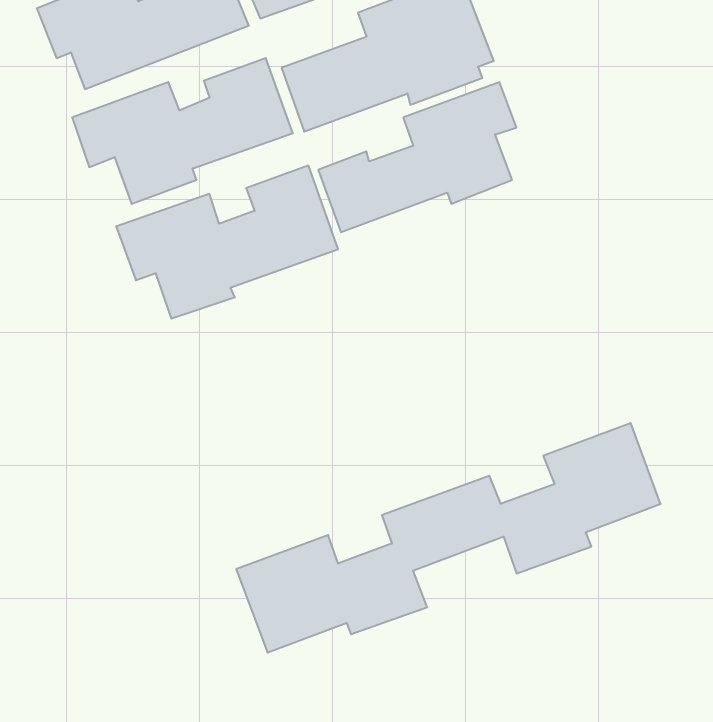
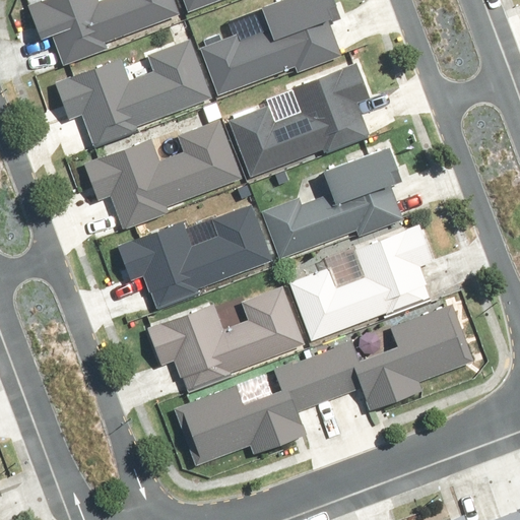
building: none -> [264,147,406,254]
building: none -> [107,193,266,303]
building: none -> [290,225,434,344]
building: none -> [148,285,305,391]

